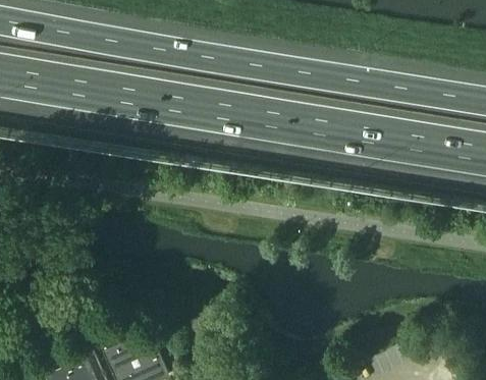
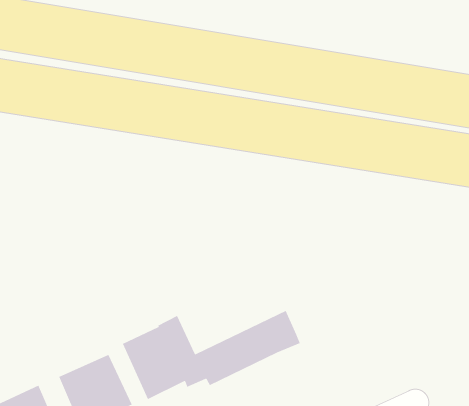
building: none -> [122,310,301,400]

